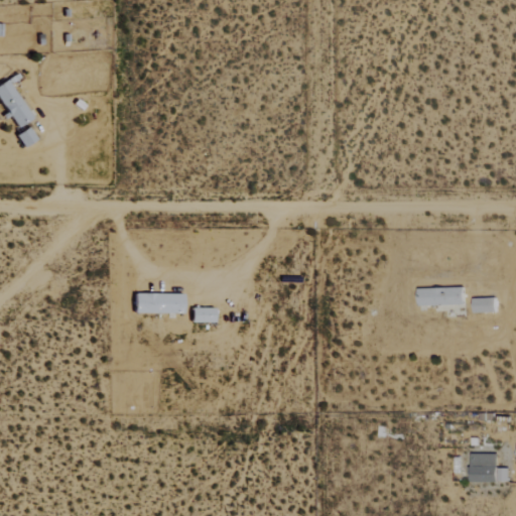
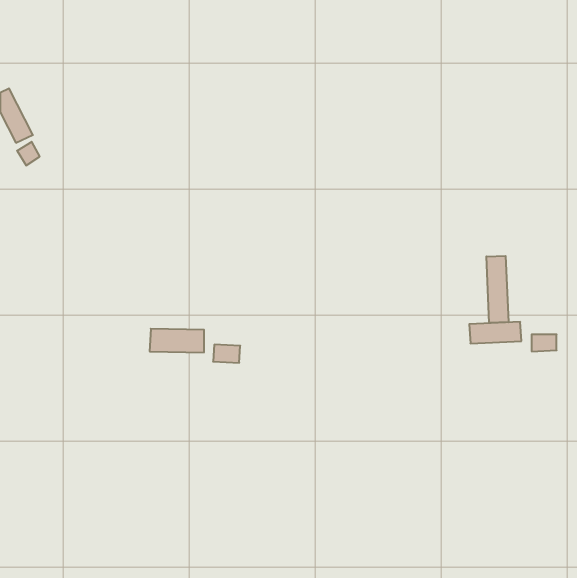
building: none -> [486,256,509,323]
building: [472,454,510,482] -> none

